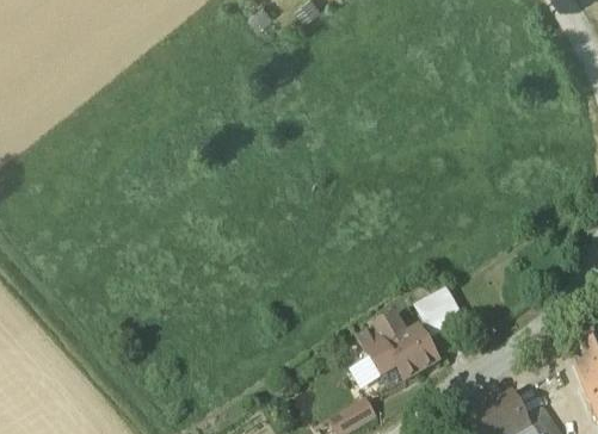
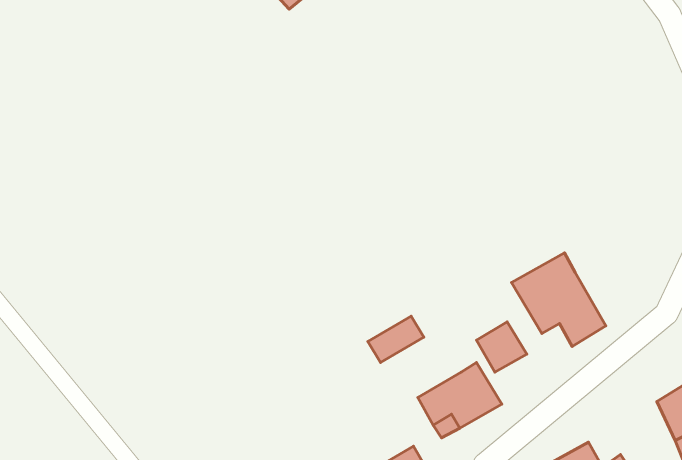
building: none -> [512,253,606,346]
building: [359,315,407,354] -> [368,316,424,362]

